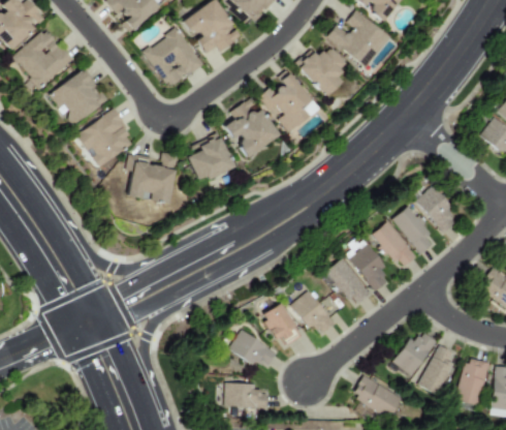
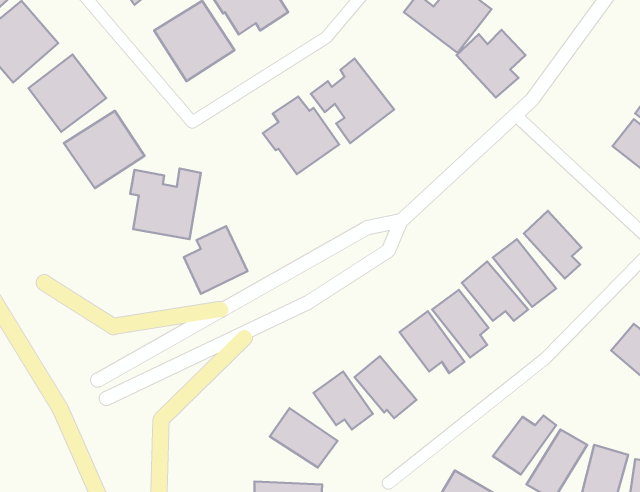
building: [296,48,347,97] -> [456,30,526,98]
building: [188,134,234,184] -> [184,226,247,294]

